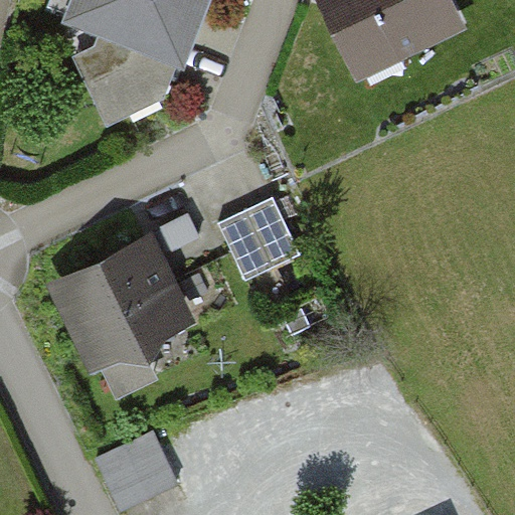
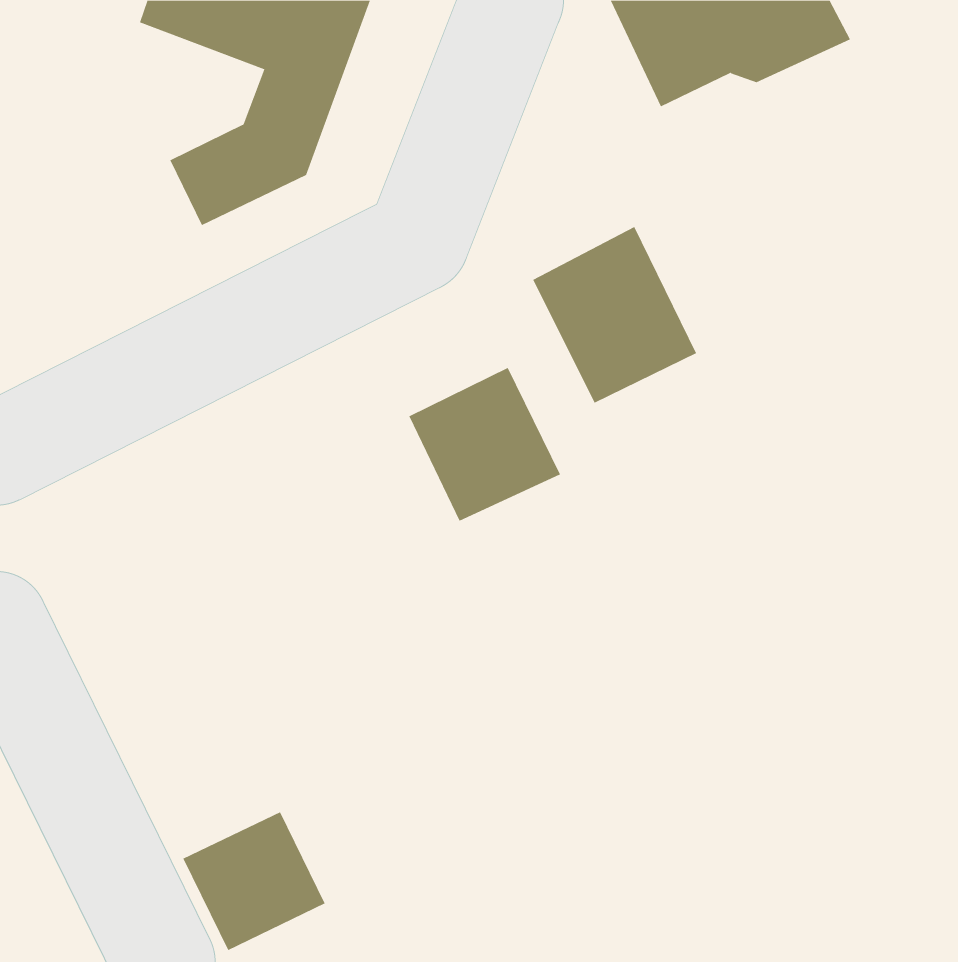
building: none -> [533,226,697,404]
building: [61,244,180,357] -> none

